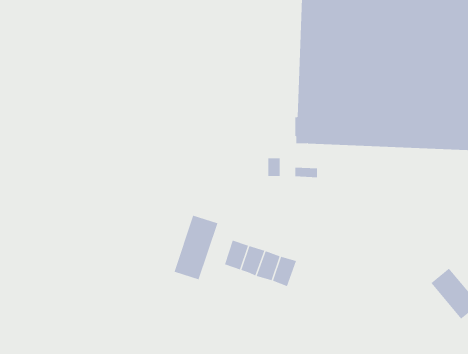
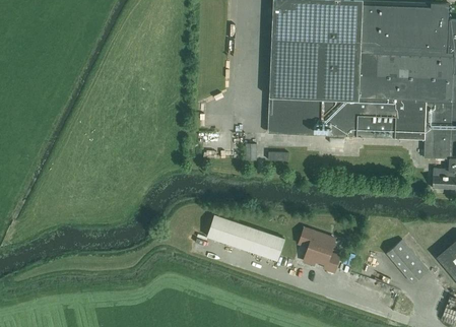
building: [174,215,218,280] -> none
building: none -> [300,228,339,271]
building: none -> [262,234,284,261]

